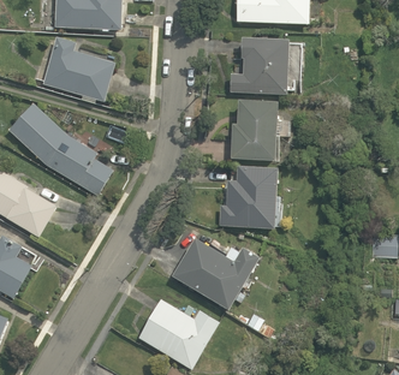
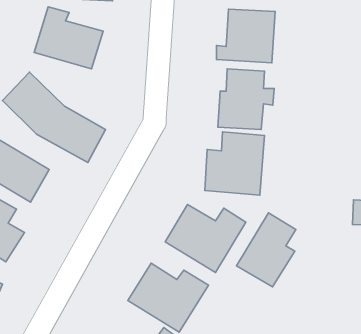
building: none -> [237,213,296,287]

